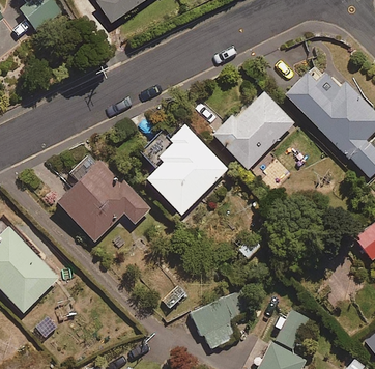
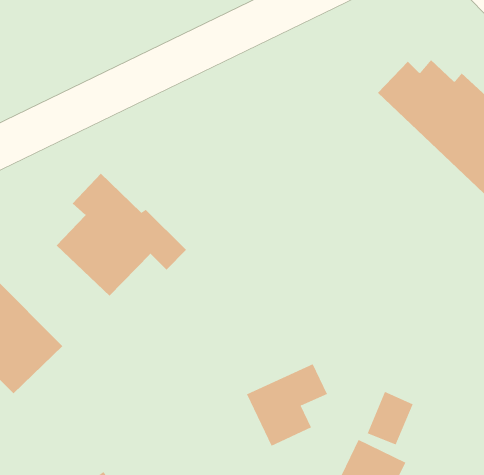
building: [213,90,292,170] -> none
building: [143,125,226,216] -> none

